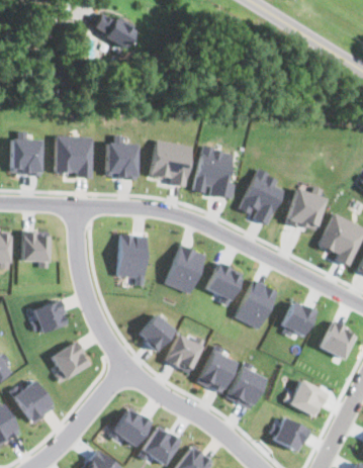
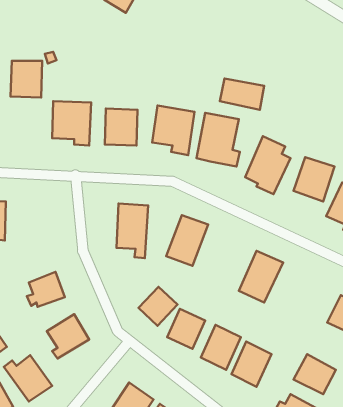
building: none -> [220,79,264,110]
building: [11,138,41,174] -> [11,61,42,98]
building: [21,230,50,267] -> none
building: [205,261,243,306] -> none
building: [280,301,315,337] -> none

